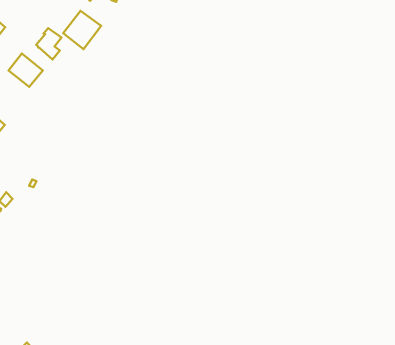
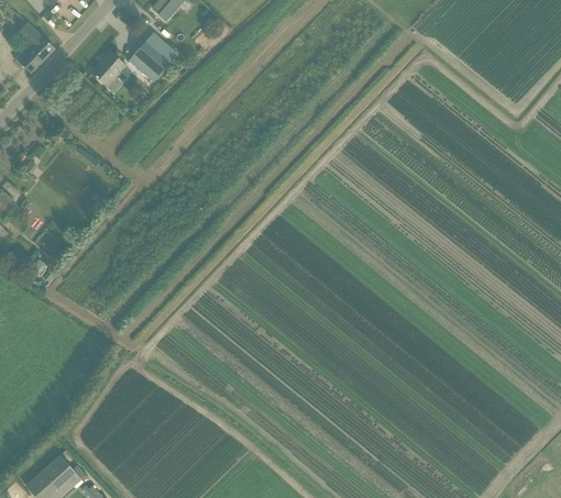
building: [8,53,43,87] -> none

